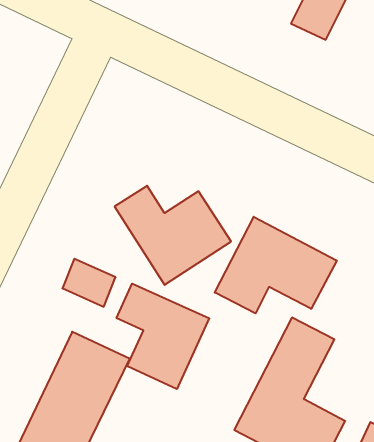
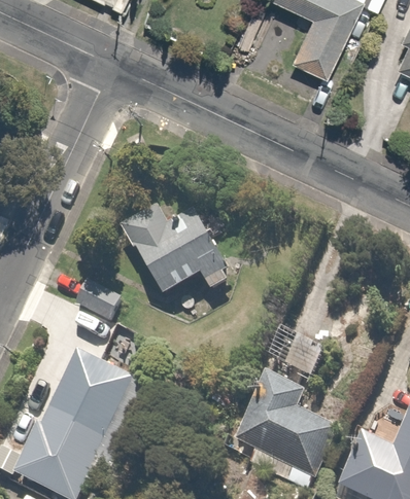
building: [215,217,337,313] -> none
building: [117,284,209,389] -> none

